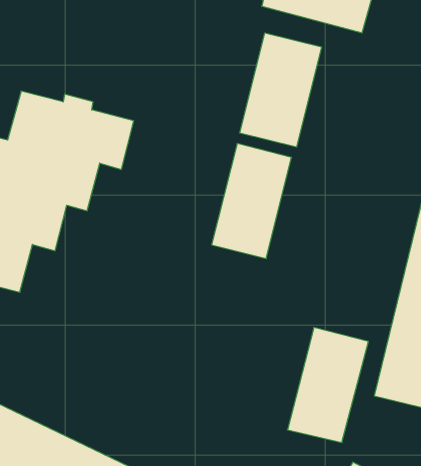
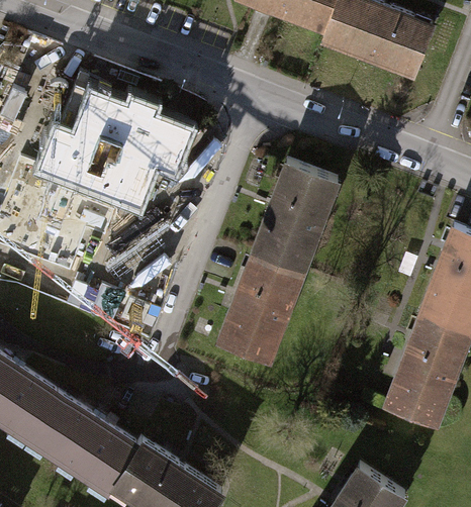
building: [240,33,322,147] -> none
building: [287,327,368,443] -> [216,252,299,361]

